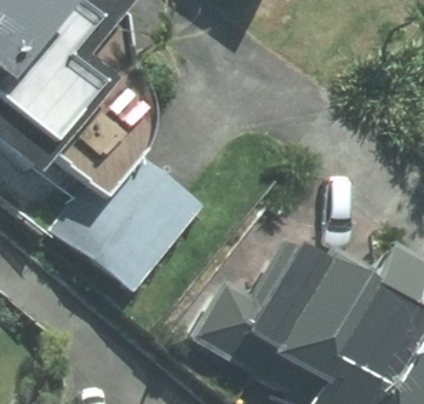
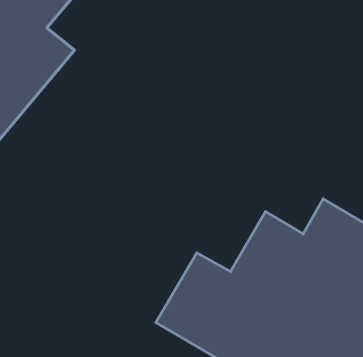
building: [68,154,197,284] -> none

